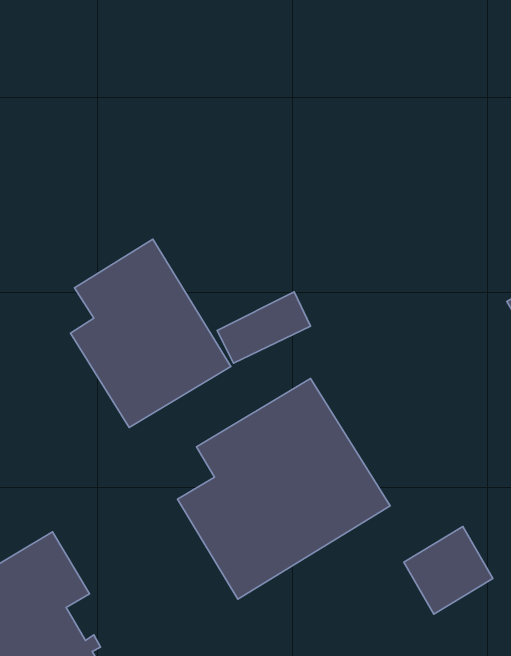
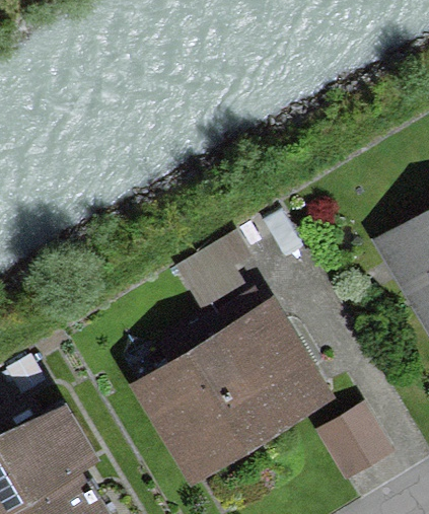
building: [70,239,231,428] -> none

